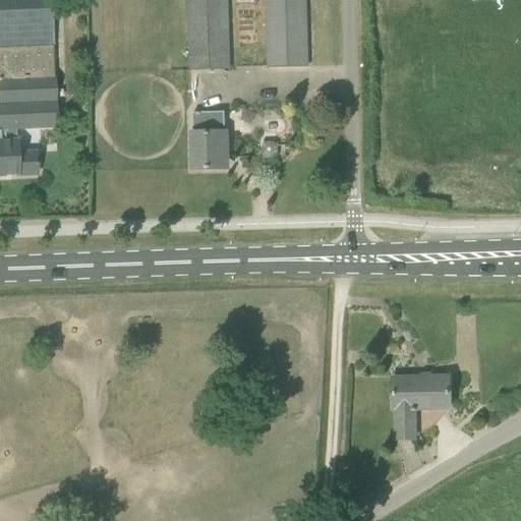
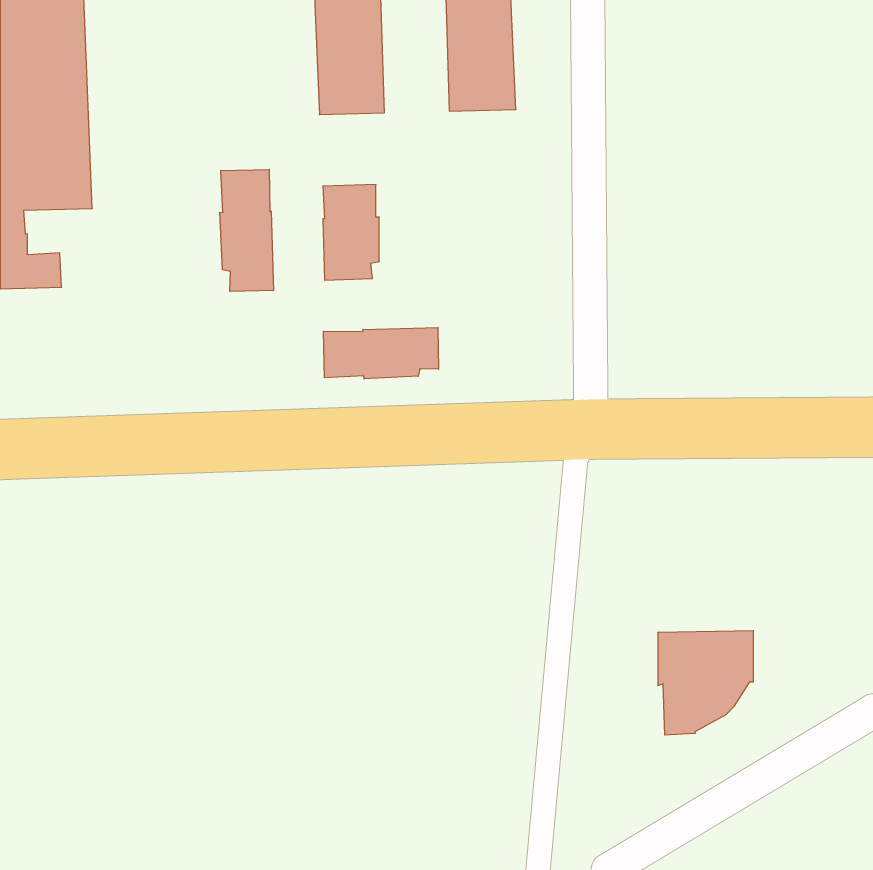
building: none -> [220,169,273,291]
building: none -> [323,327,439,379]

